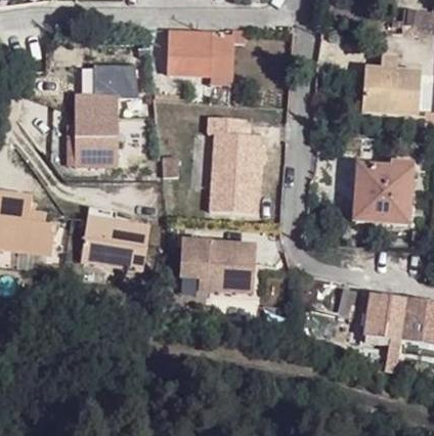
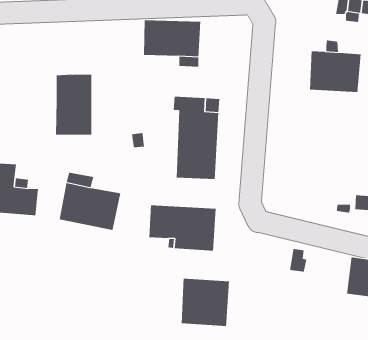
building: [93,63,135,96] -> none
building: [354,162,411,222] -> none
building: [365,295,407,364] -> none
building: none -> [181,278,229,327]

